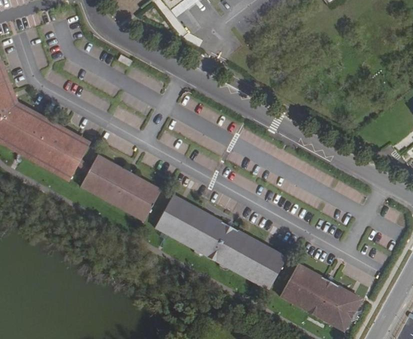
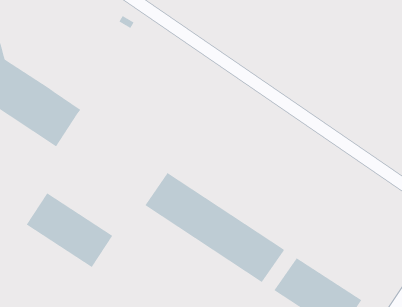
building: [79,154,160,220] -> [26,192,113,268]

